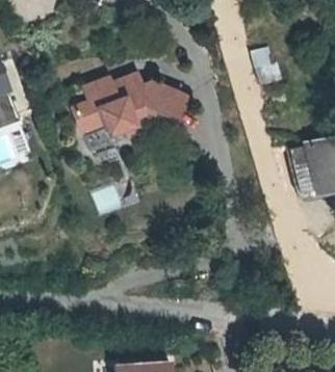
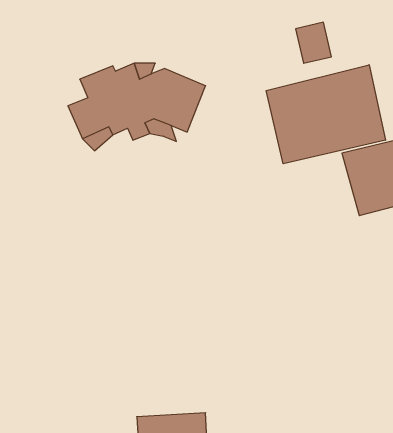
building: none -> [266,65,385,164]

